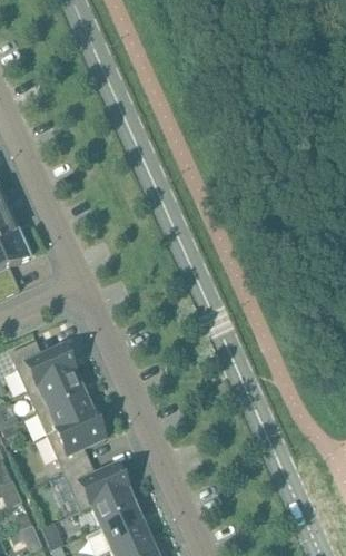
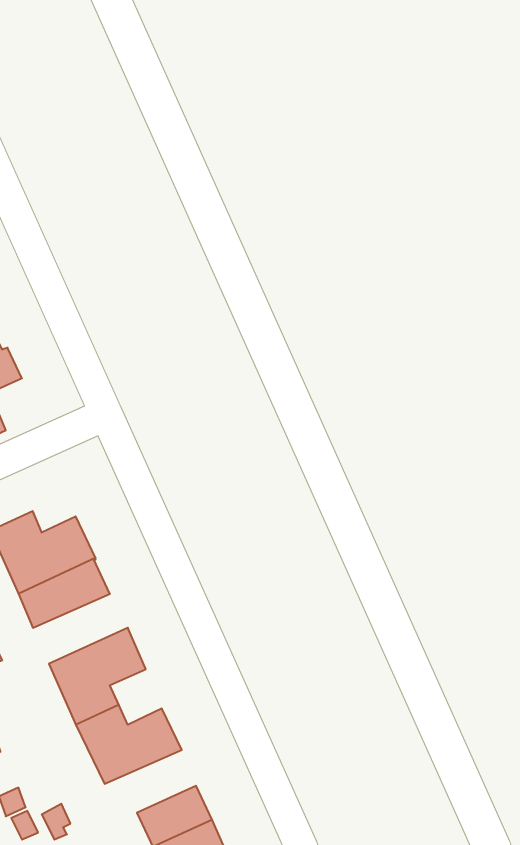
building: [36,390,95,433] -> none
building: [80,487,137,526] -> none

